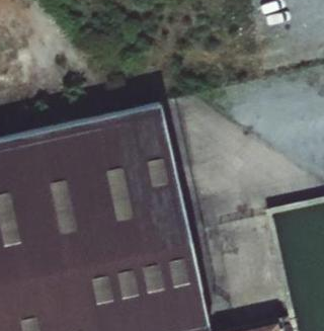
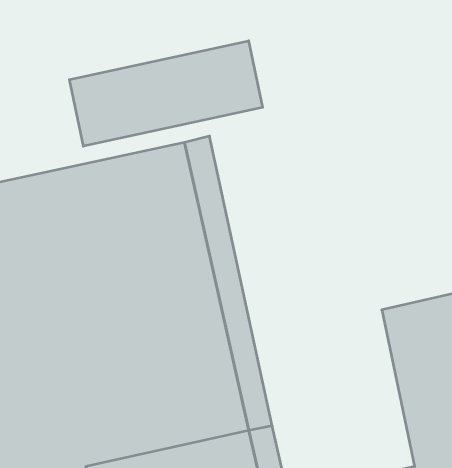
building: none -> [69,41,263,146]

